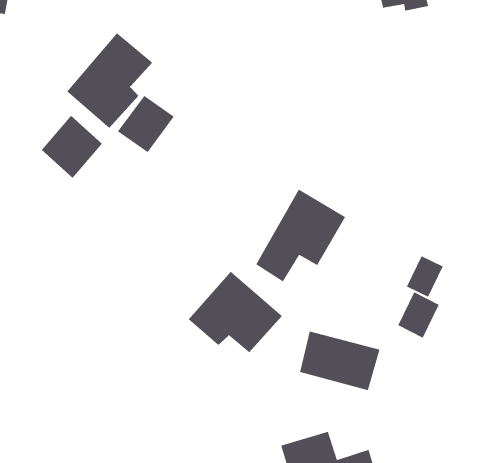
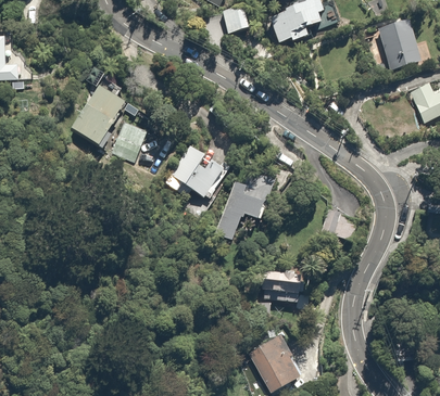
building: [41,115,103,179] -> none
building: [188,271,283,353] -> [162,145,226,200]
building: [397,291,440,339] -> none

